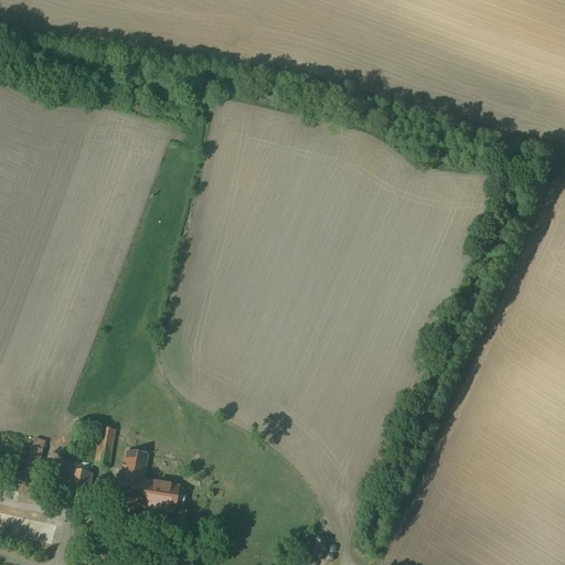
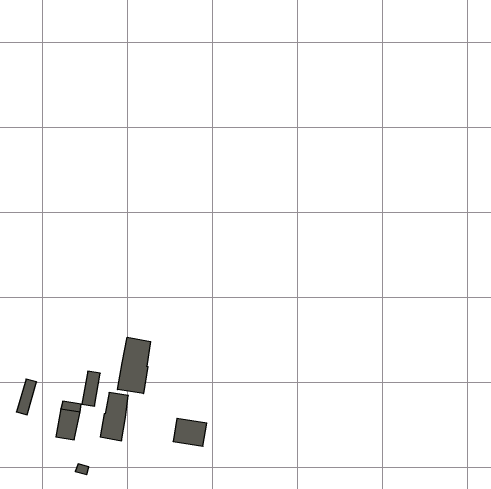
building: none -> [118,337,151,394]
building: [141,478,180,510] -> [173,418,207,446]

